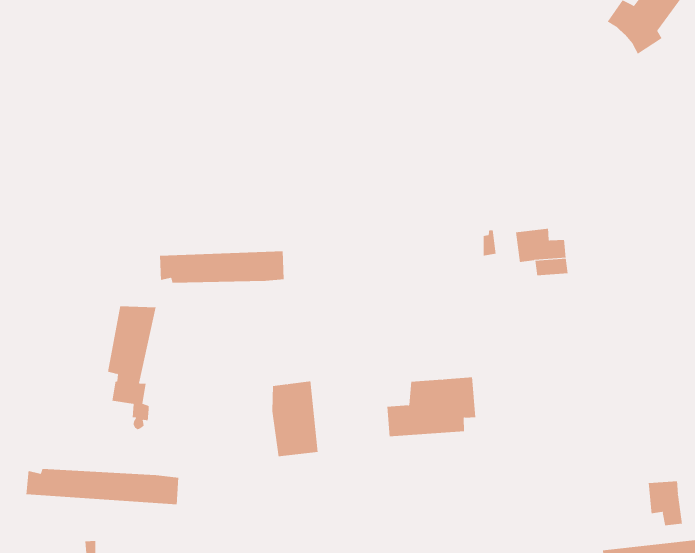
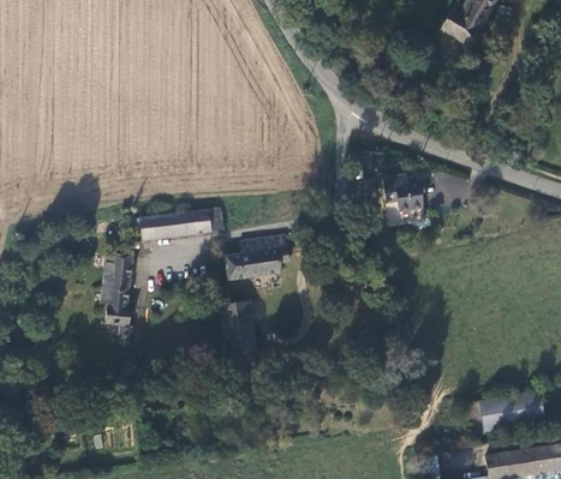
building: [387,377,476,437] -> [225,233,290,281]
building: [26,468,179,505] -> none
building: [648,480,682,526] -> none

